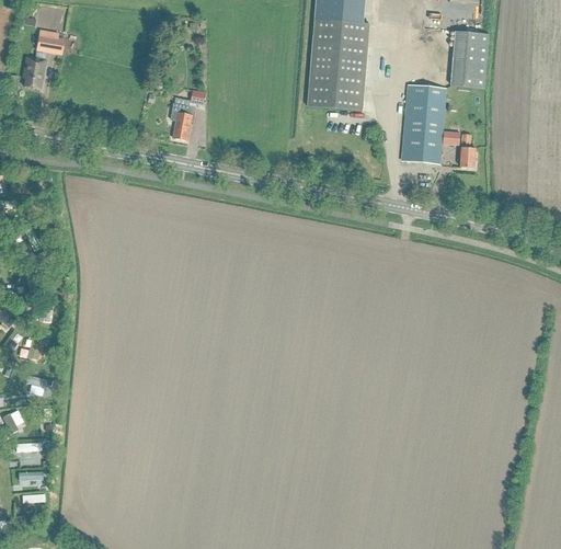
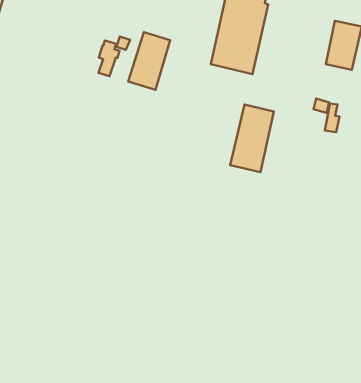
building: none -> [128,32,170,90]
building: [401,83,445,163] -> [230,104,274,172]

